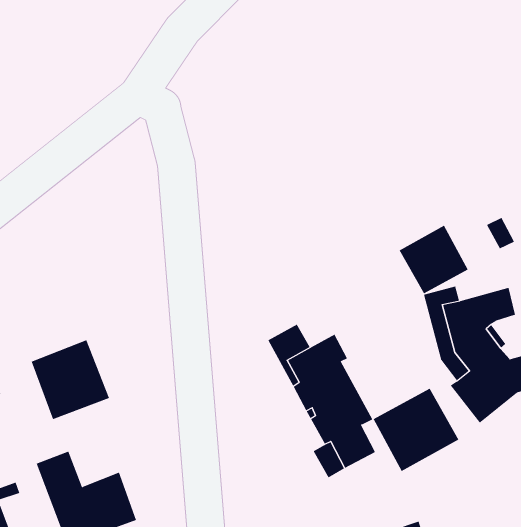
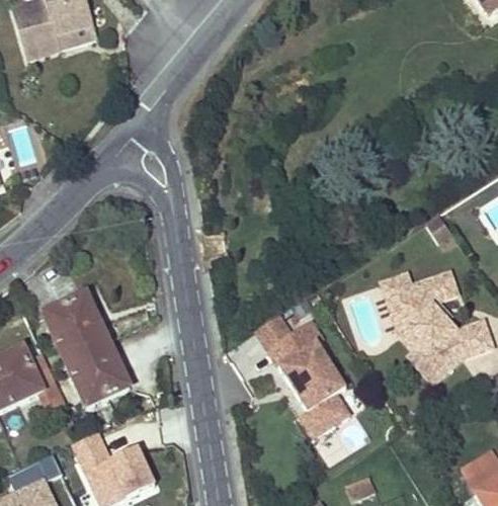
building: [399,225,469,294] -> none
building: none -> [43,292,108,359]
building: [373,388,459,472] -> none

